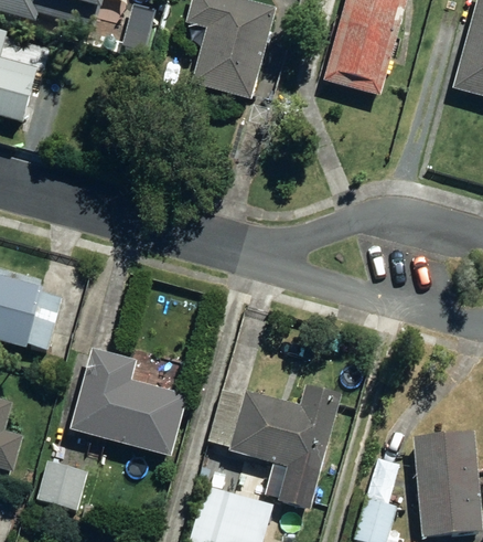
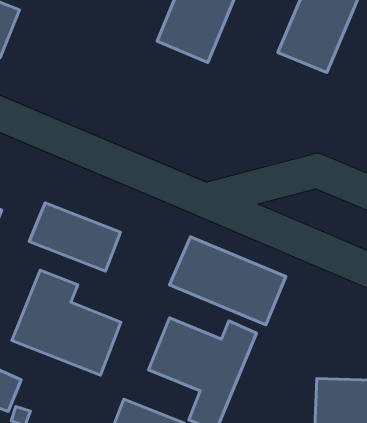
building: none -> [29,203,120,271]
building: none -> [169,237,286,325]

